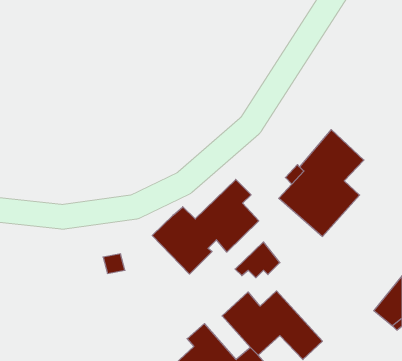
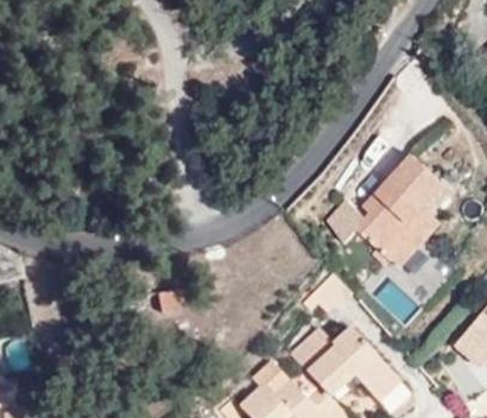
building: [152,179,259,274] -> none

